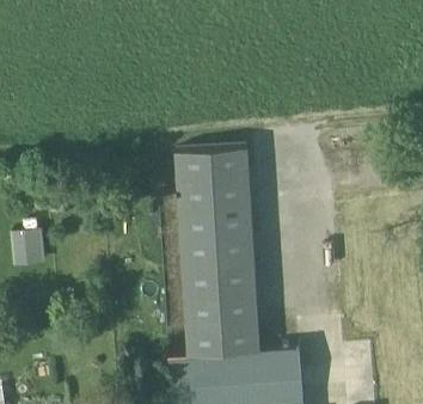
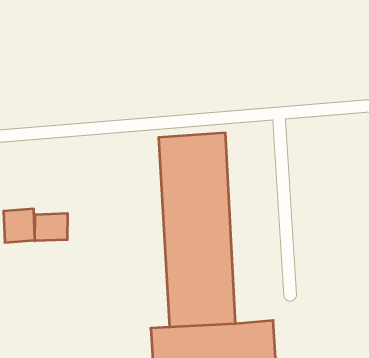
building: none -> [35,213,67,241]

